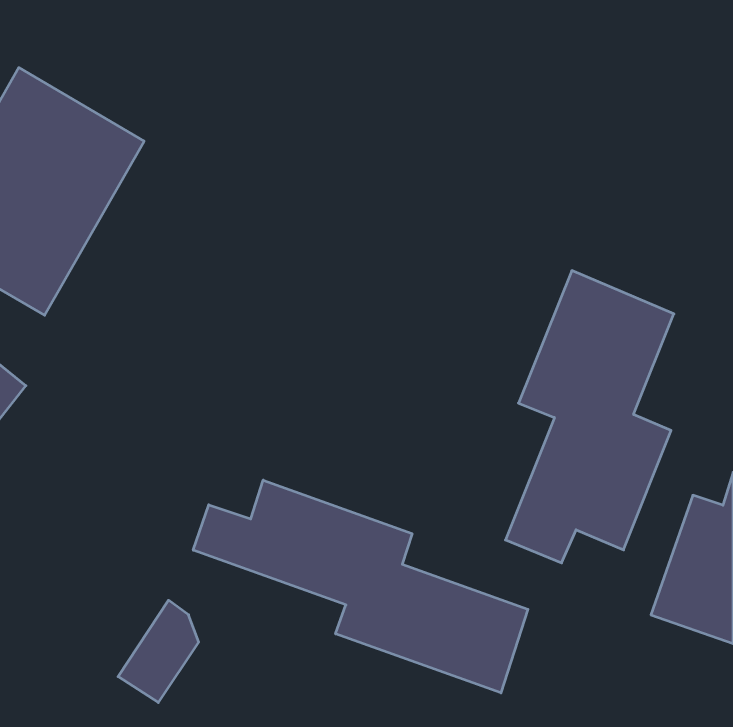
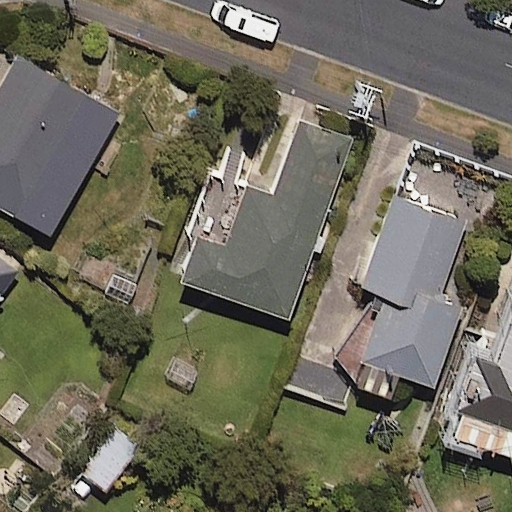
building: none -> [181,125,350,319]
building: [193,480,528,693] -> none

